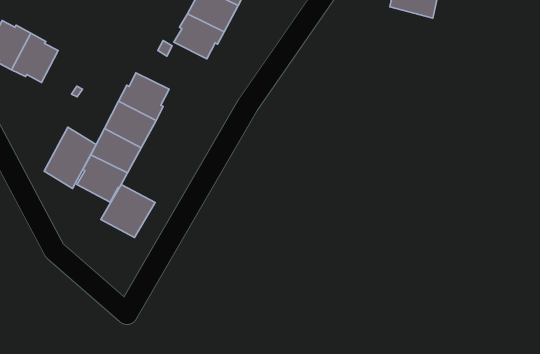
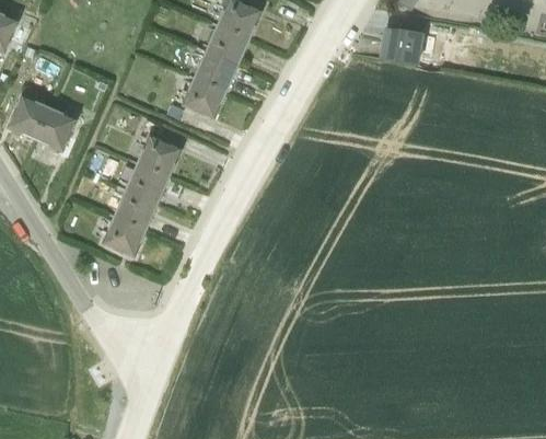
building: [44,127,96,188] -> none
building: [101,184,155,238] -> none

